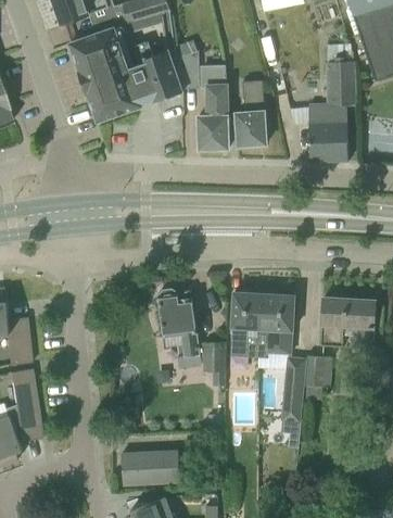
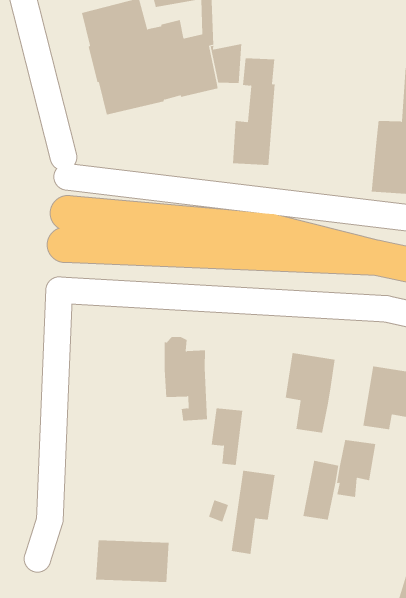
building: [236,79,266,144] -> none
building: [230,291,259,356] -> [231,470,275,554]

